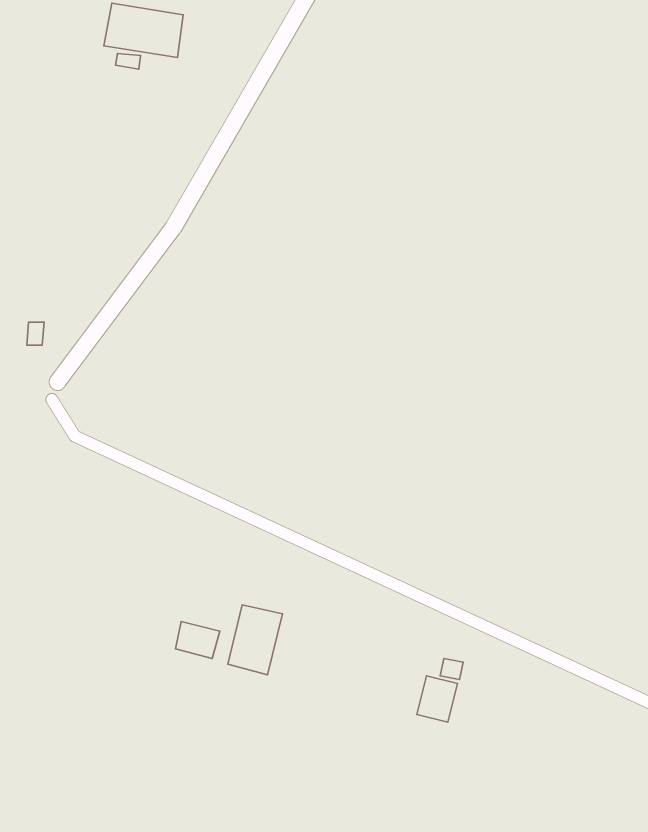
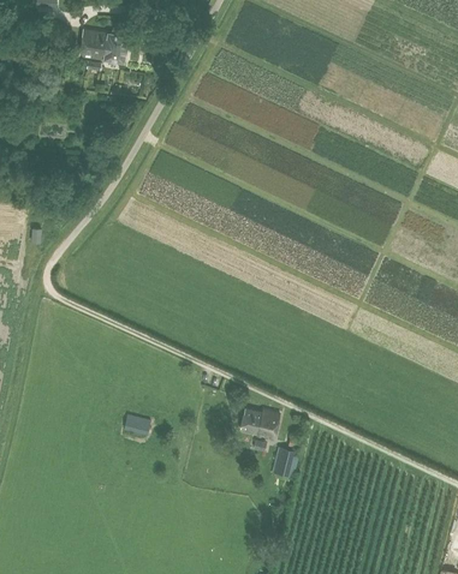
building: [228,605,283,675] -> none
building: none -> [240,407,279,446]

